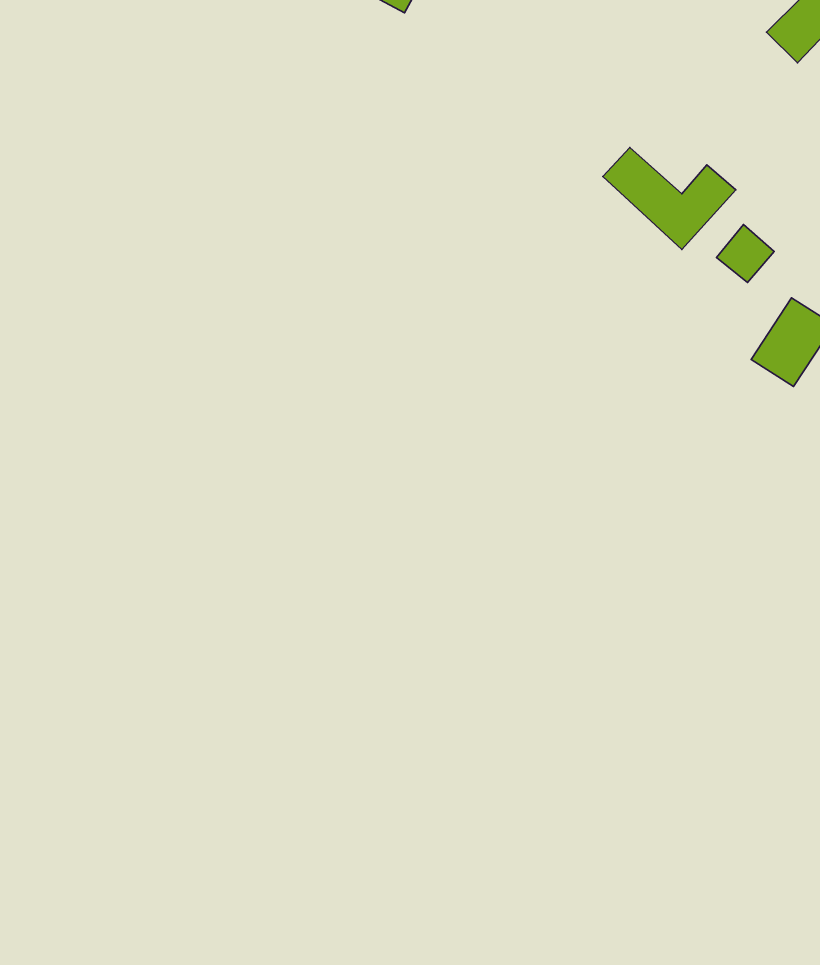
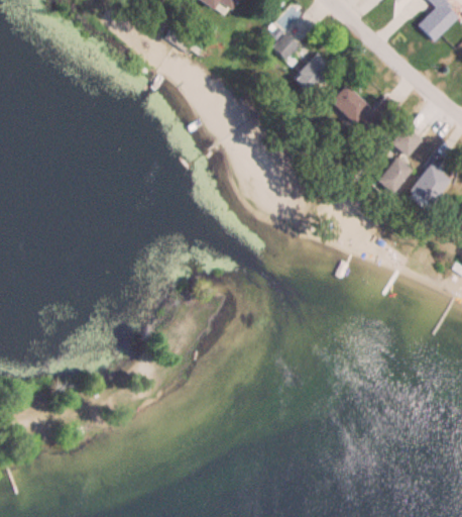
building: none -> [272,31,299,59]
building: none -> [295,53,335,94]
building: none -> [379,159,414,193]

